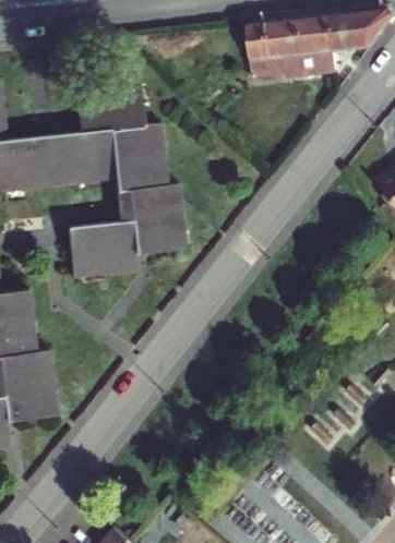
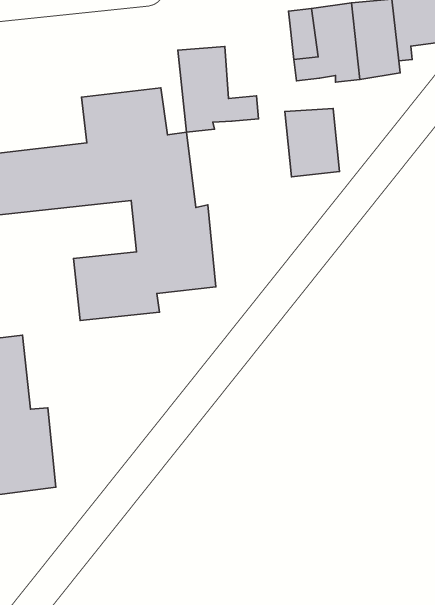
building: none -> [178,46,258,132]
building: none -> [285,109,339,177]

